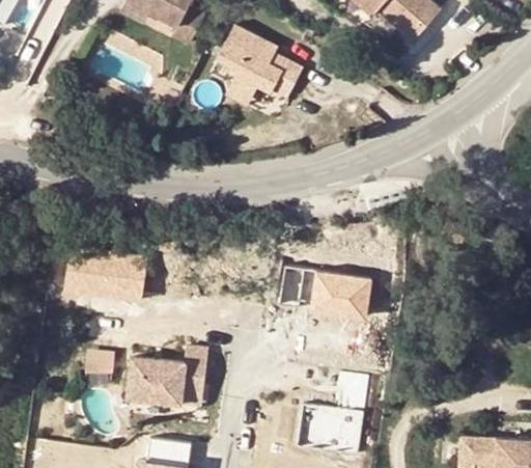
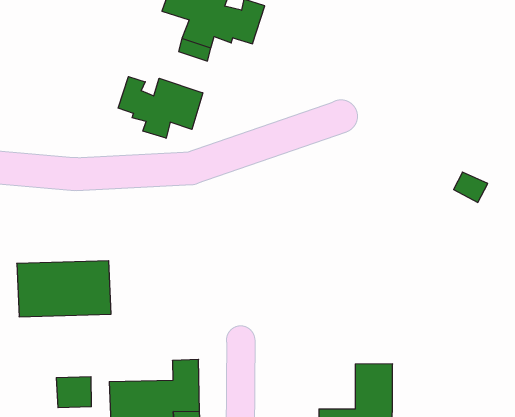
building: none -> [118,77,203,138]
building: [277,266,373,324] -> none

